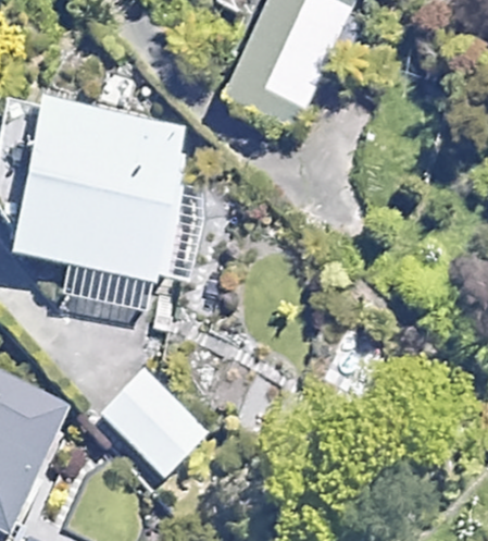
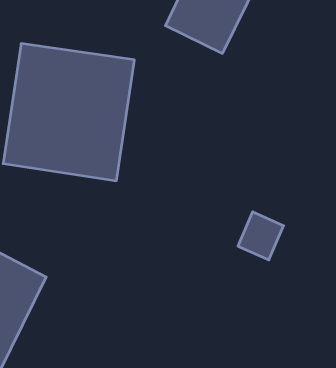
building: [97,365,211,478] -> none

